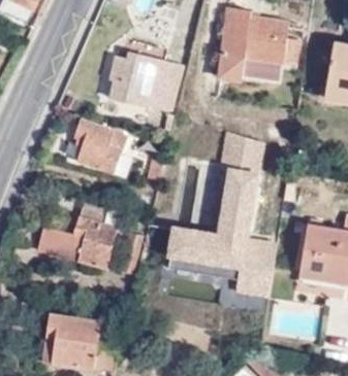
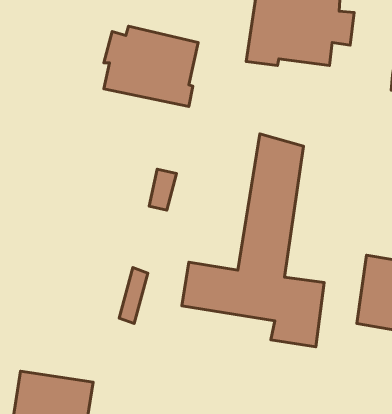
building: [74,118,126,170] -> none
building: [38,203,120,268] -> none

